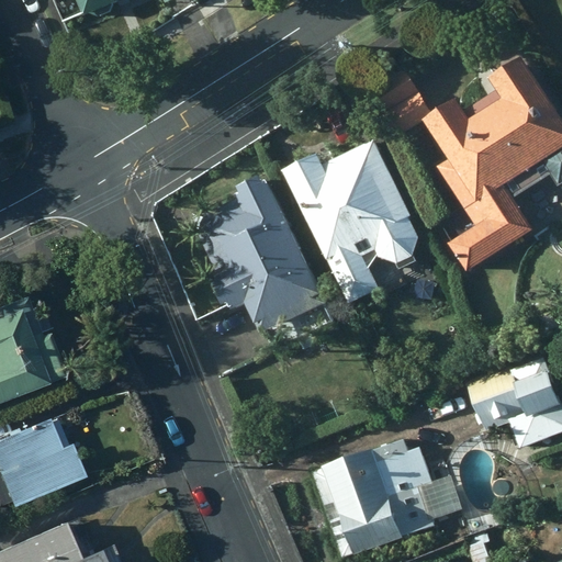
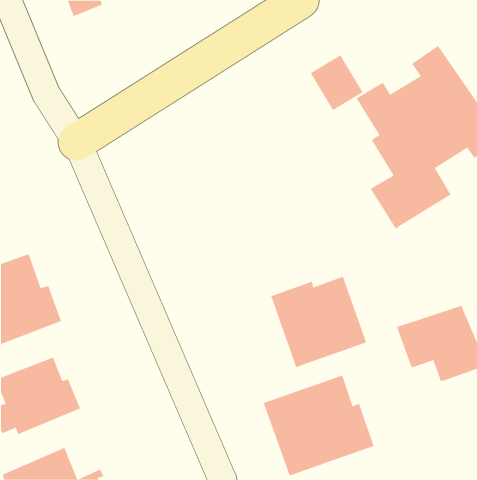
building: [280,139,417,289] -> none
building: [195,173,331,349] -> none
building: none -> [270,276,367,368]

